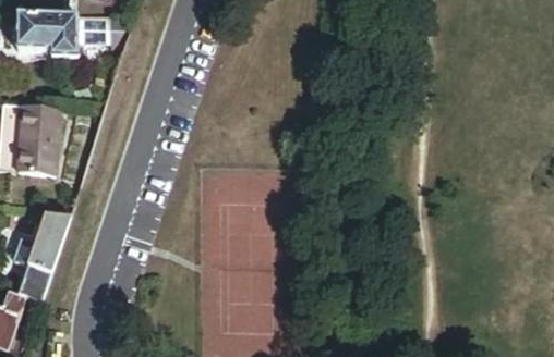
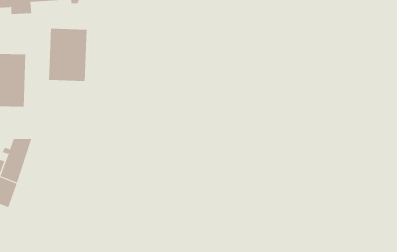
building: none -> [49,28,87,82]

